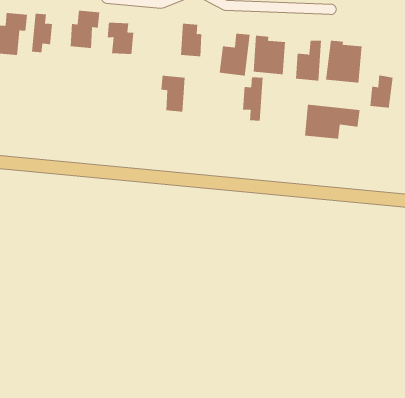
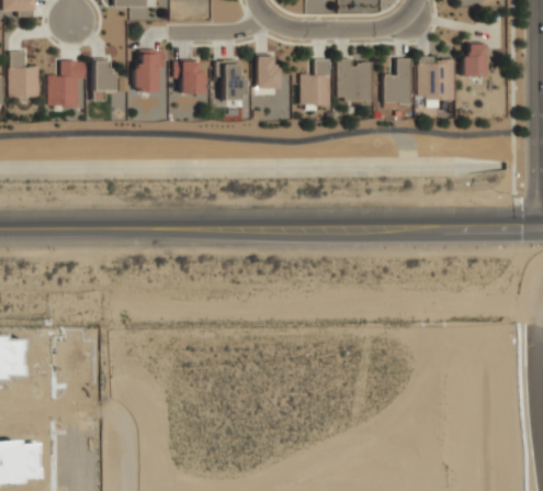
building: [370,75,393,108] -> [463,42,486,77]
building: [160,75,186,112] -> [216,60,244,99]
building: [242,77,263,122] -> none
building: [305,104,360,139] -> none

